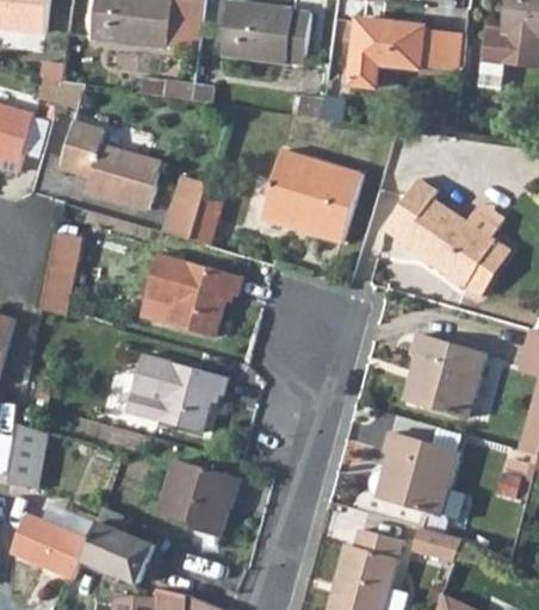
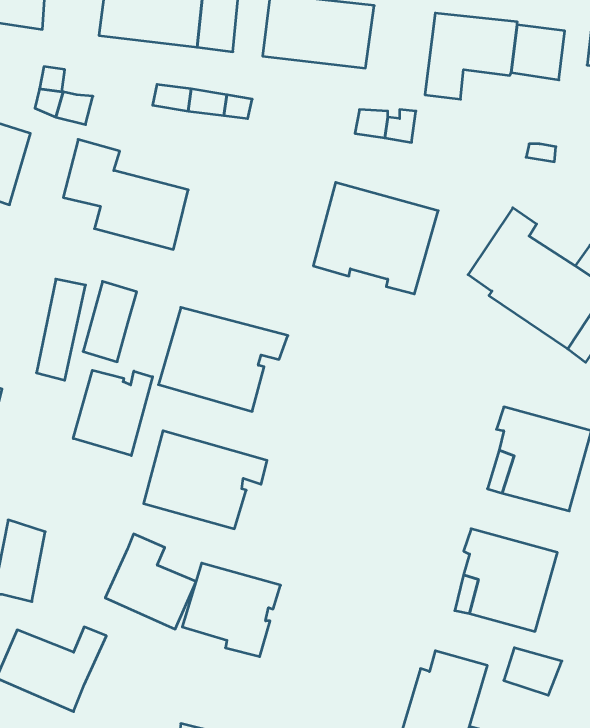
building: [163,178,206,242] -> [83,281,137,362]
building: none -> [73,370,153,456]
building: [79,506,151,583] -> [105,534,196,629]

